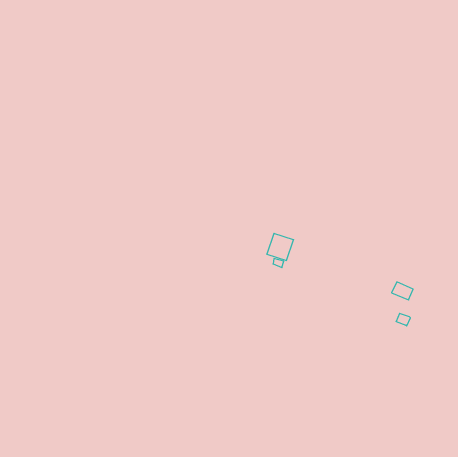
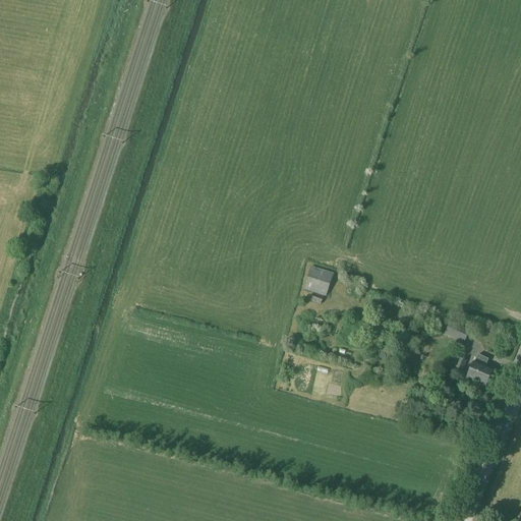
building: none -> [465,353,491,386]

